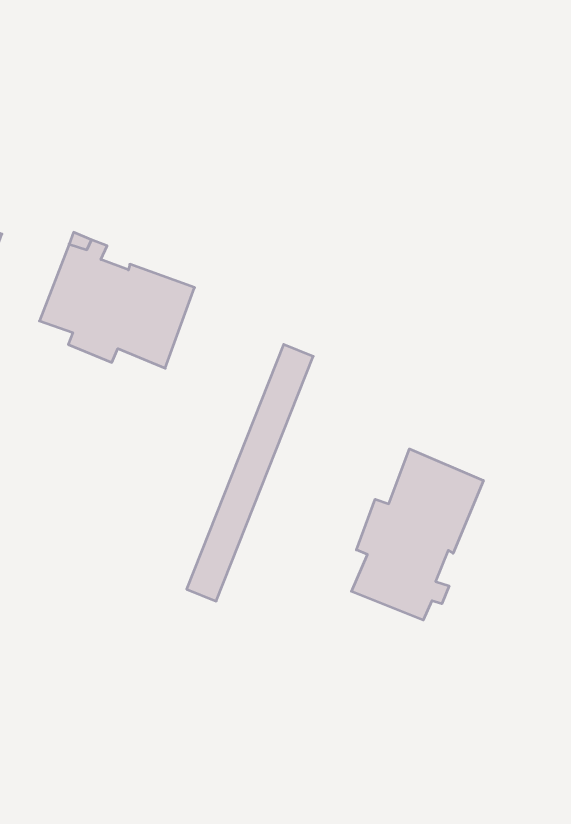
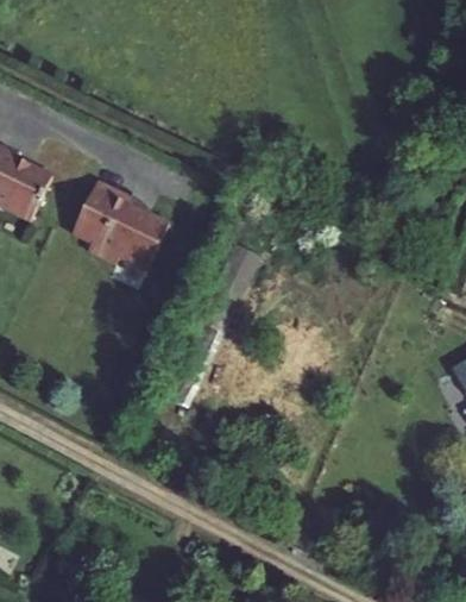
building: [351,449,483,620] -> none

